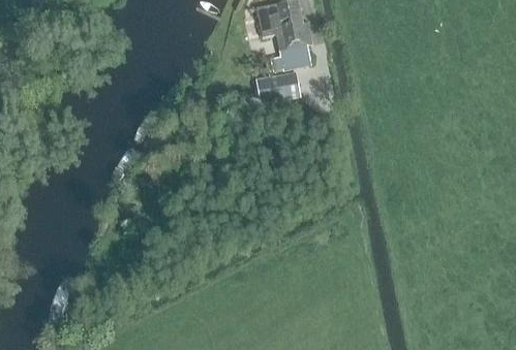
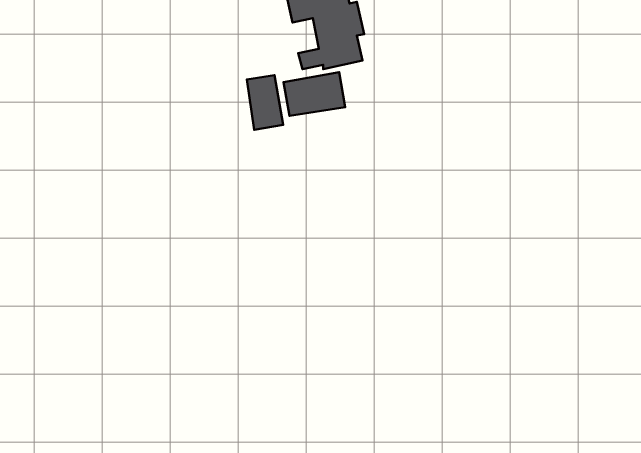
building: none -> [247,75,283,130]

